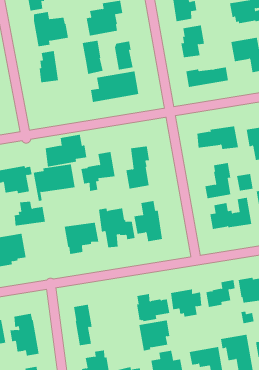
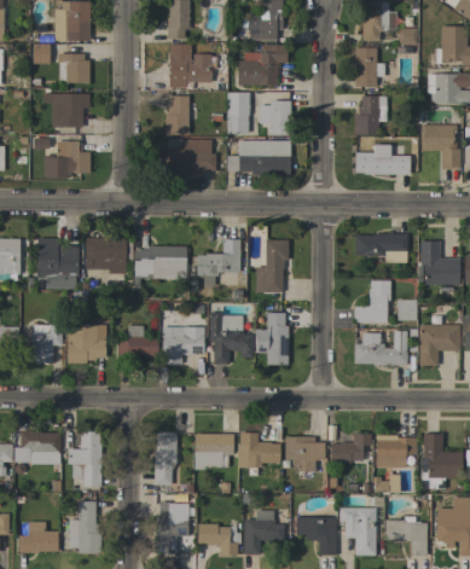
building: [45,134,87,167] -> [161,139,215,174]
building: [14,201,46,226] -> [117,325,158,356]
building: [138,320,170,351] -> [195,434,233,469]

